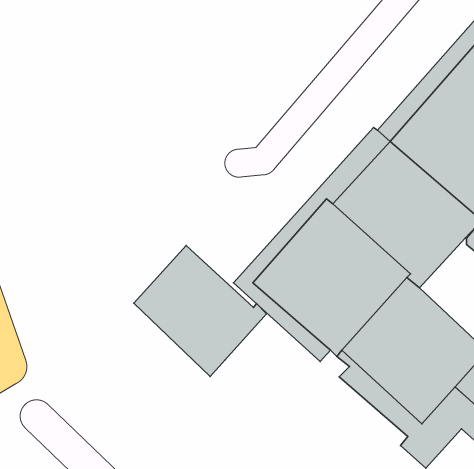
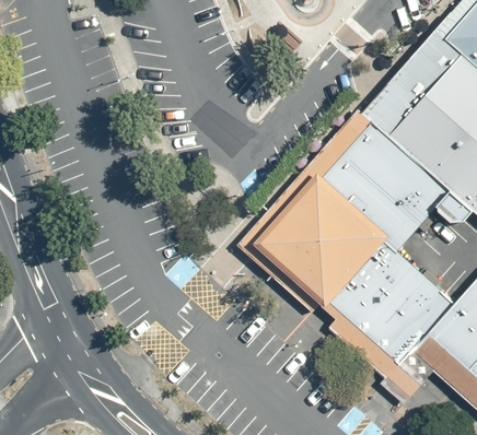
building: [134,246,266,377] -> none

